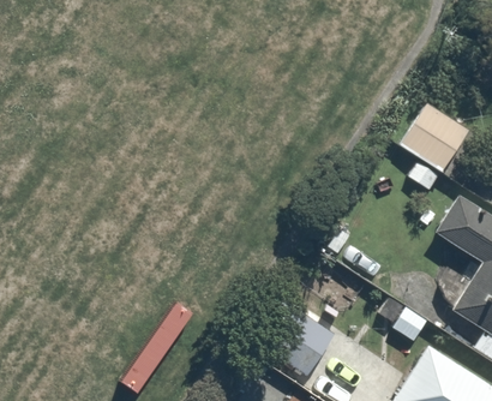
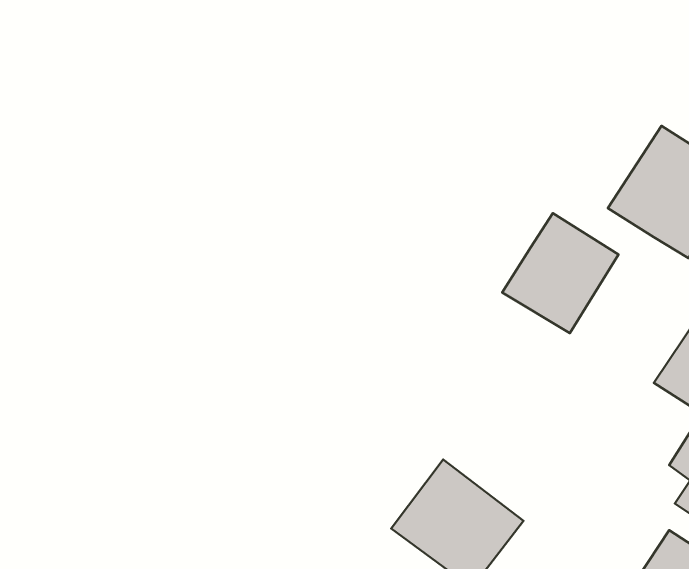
building: none -> [502,213,619,333]

